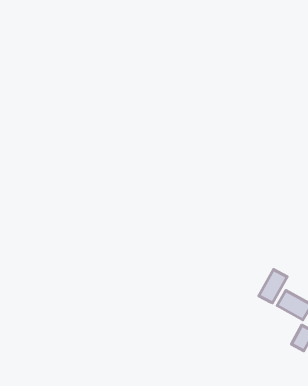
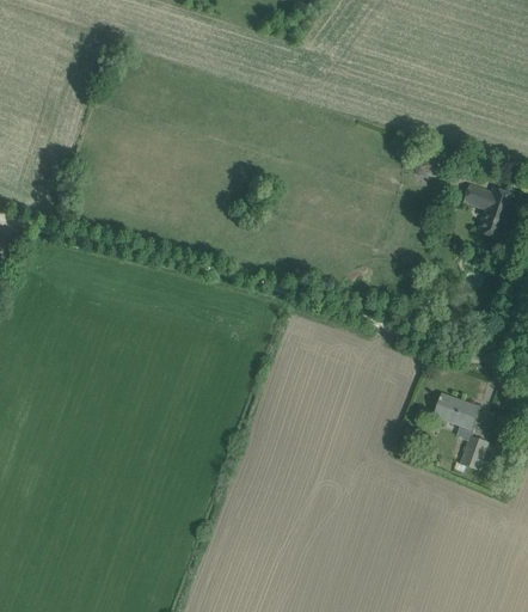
building: [259,270,287,303] -> none

